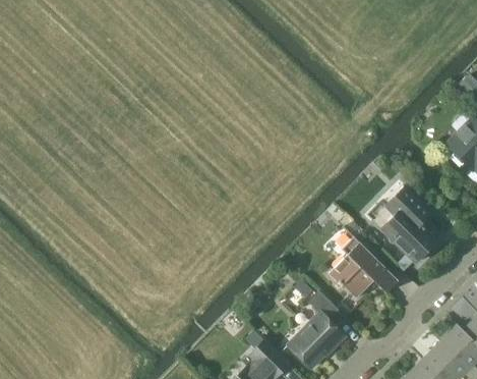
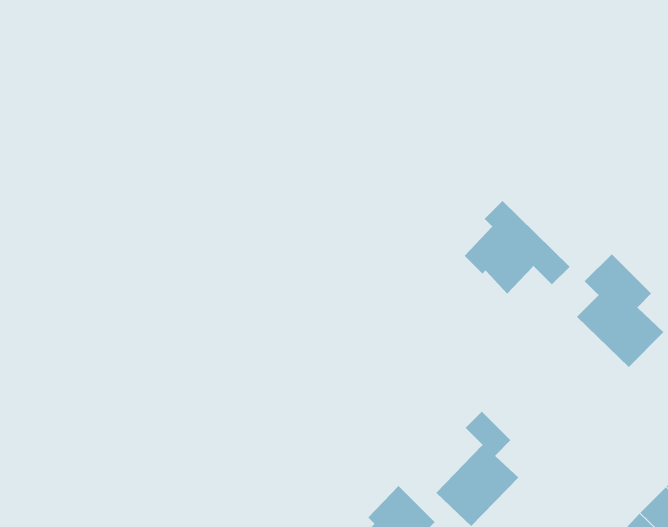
building: [327,237,398,300] -> [464,200,570,294]

